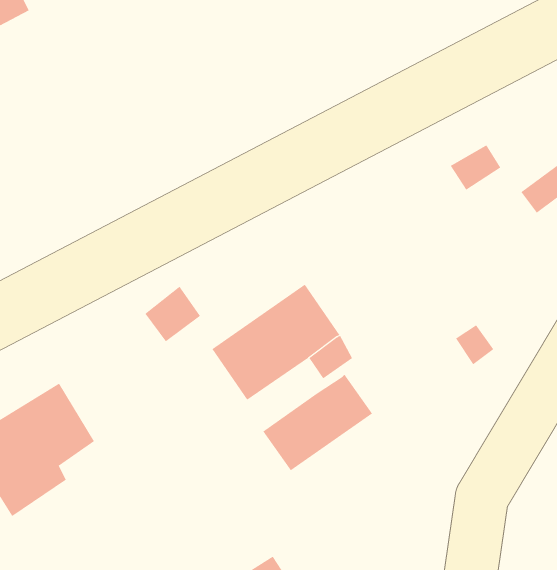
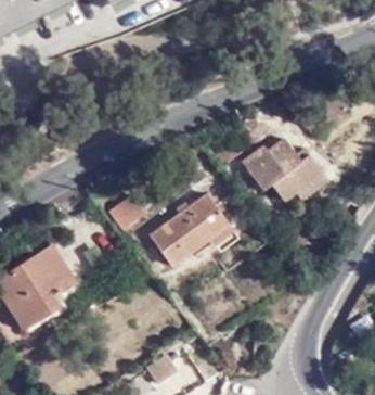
building: none -> [245,137,326,199]
building: [262,374,373,471] -> none

